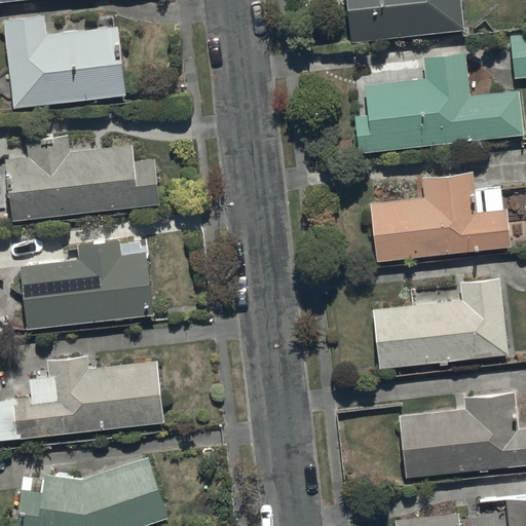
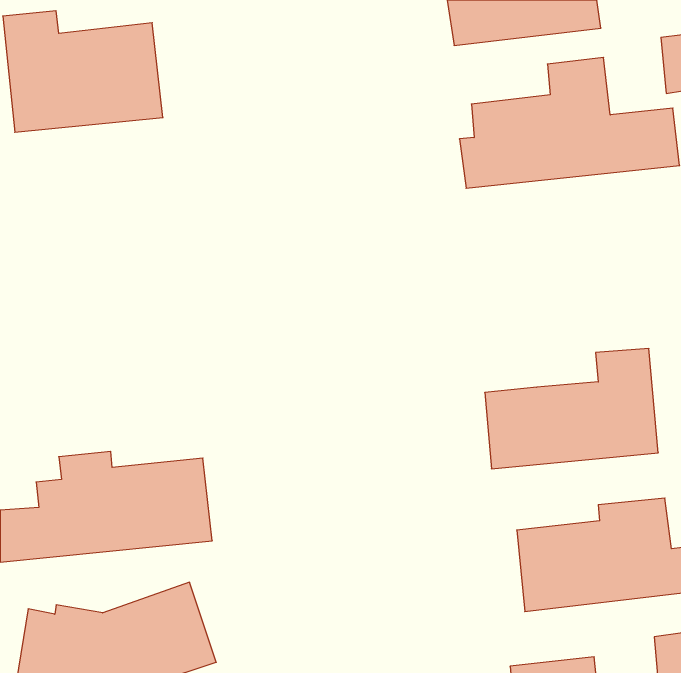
building: [7,136,160,221] -> none
building: [370,171,511,262] -> none
building: [21,240,153,329] -> none

